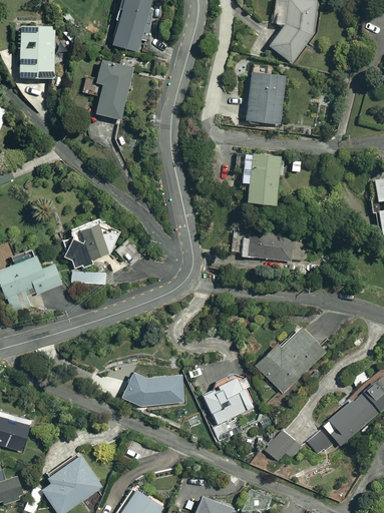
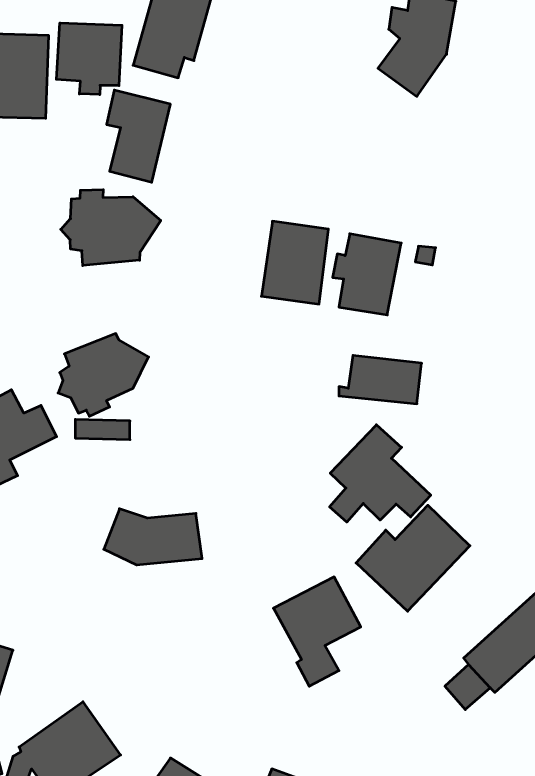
building: none -> [56,23,122,95]
building: [244,71,287,124] -> [261,221,328,304]
building: none -> [61,190,161,266]
building: none -> [330,425,431,522]
building: [121,370,184,406] -> [104,509,202,565]
building: [267,431,302,467] -> none

